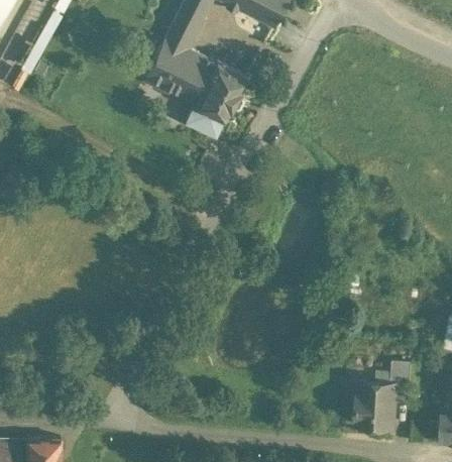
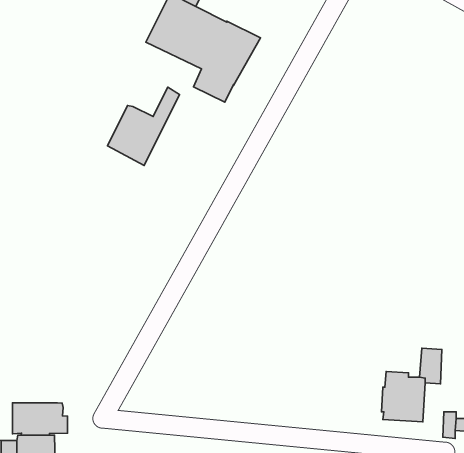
building: none -> [107,87,180,166]
building: none -> [12,403,67,435]

